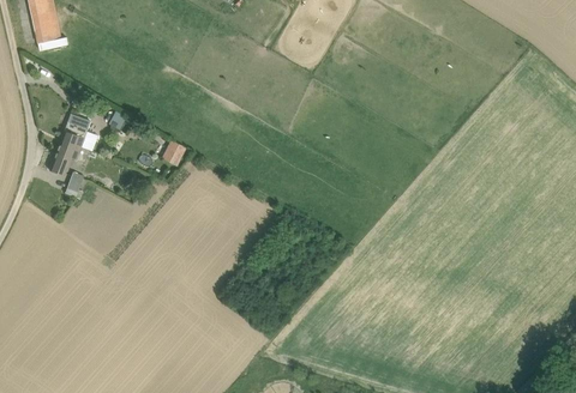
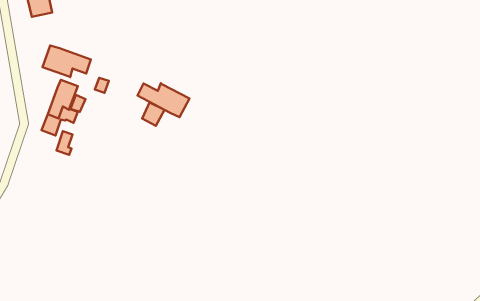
building: none -> [43,45,91,77]
building: none -> [138,83,189,117]

